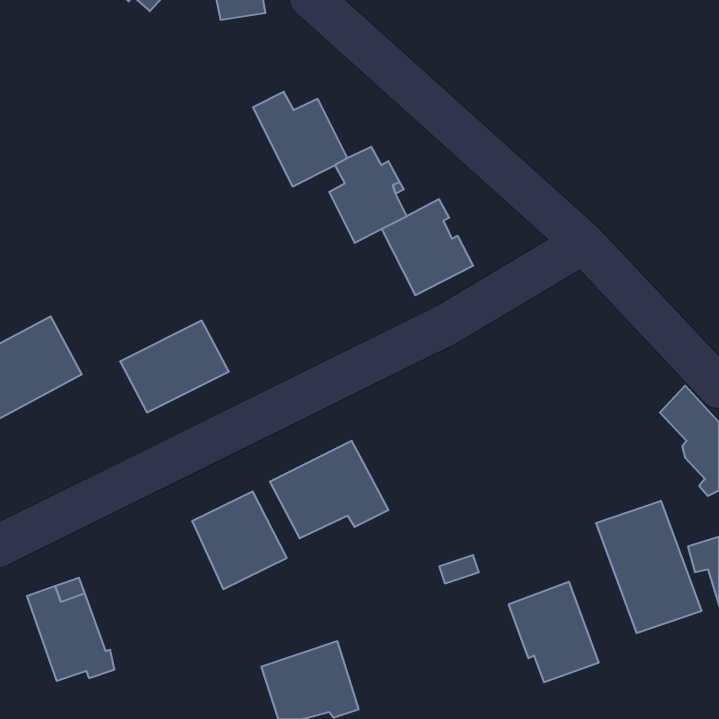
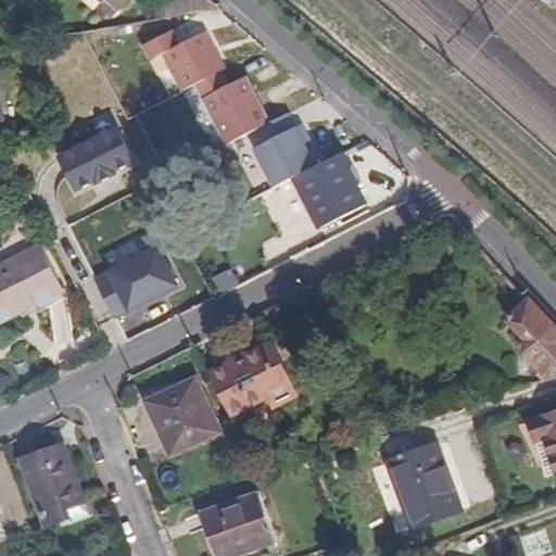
building: none -> [141,29,223,89]
building: none -> [58,126,132,189]
building: [596,501,702,633] -> none

